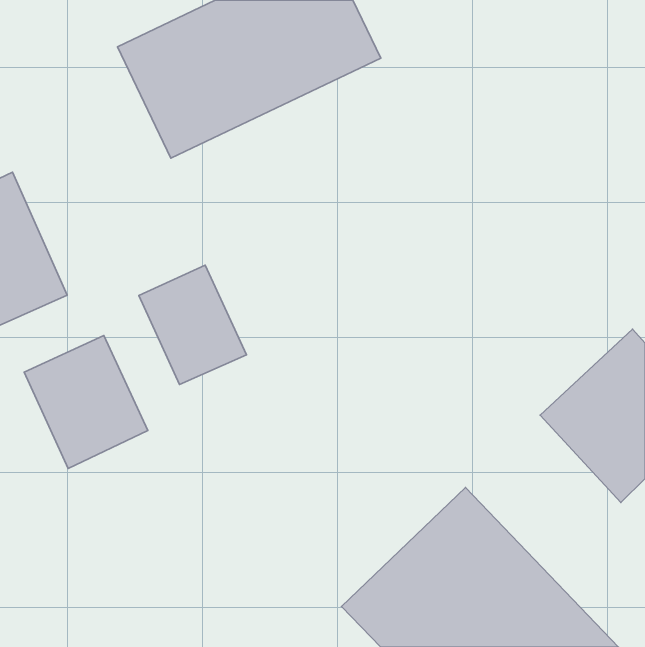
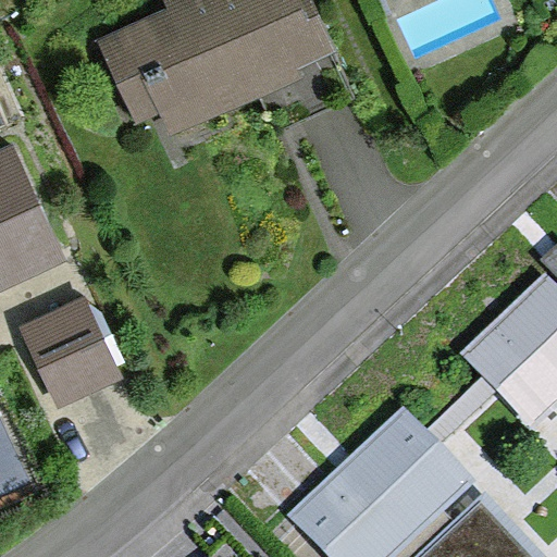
building: [139,265,246,385] -> none

